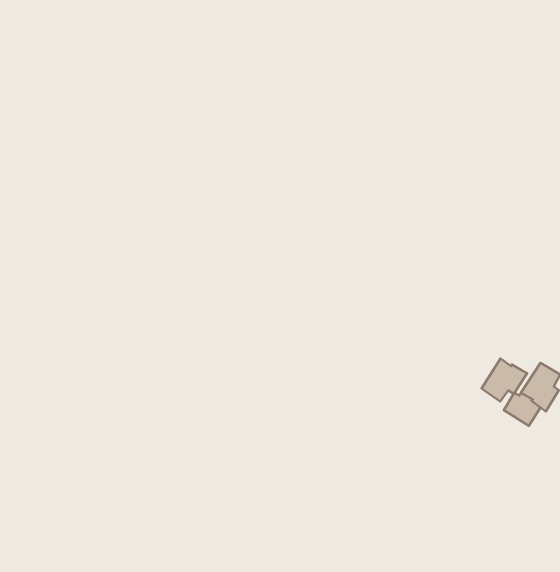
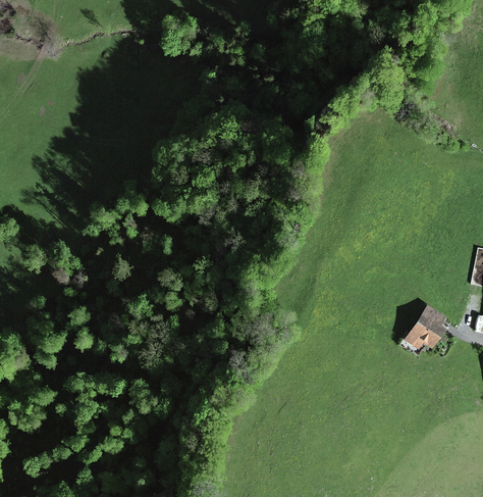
building: [481,358,527,401] -> none

